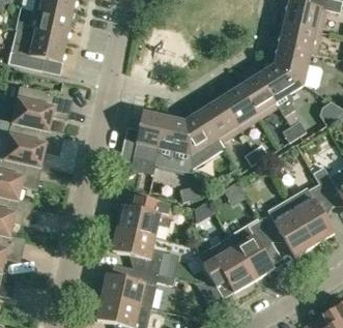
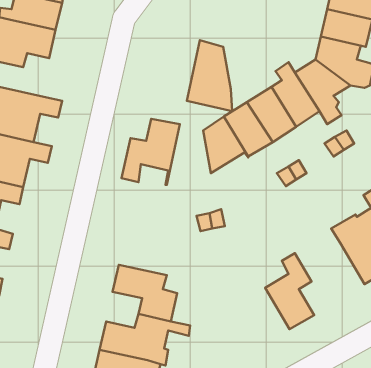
building: [155,116,192,173] -> [187,40,232,111]
building: [117,199,174,237] -> none
building: [258,200,314,257] -> none
building: [198,237,254,292] -> none

